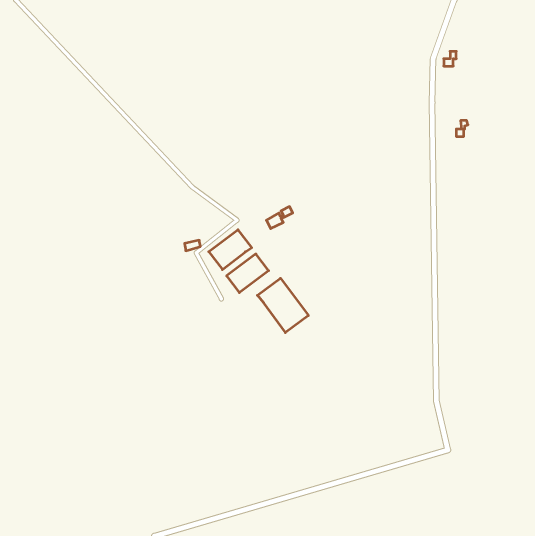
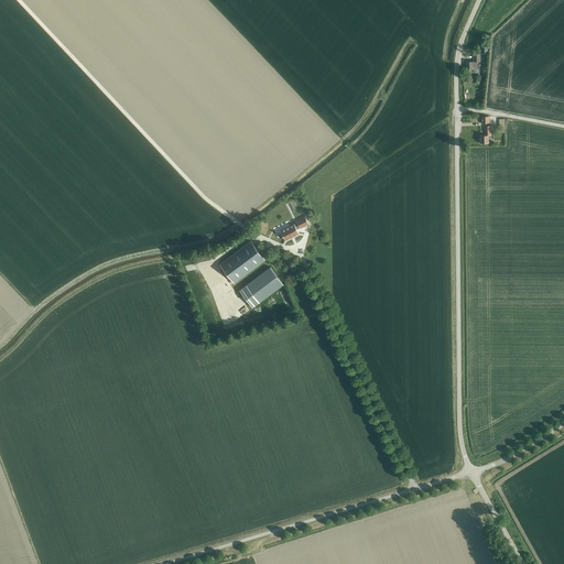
building: [257,278,308,333] -> none

